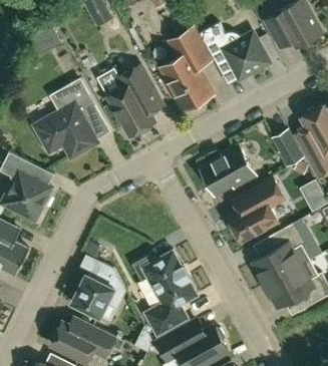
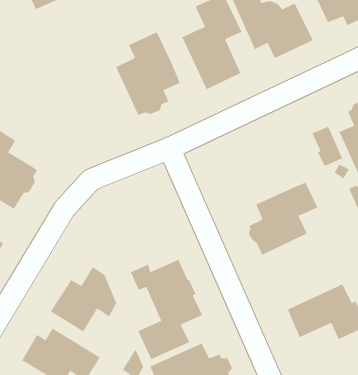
building: [34,79,96,155] -> none
building: [201,145,254,194] -> none
building: [252,223,309,284] -> none

